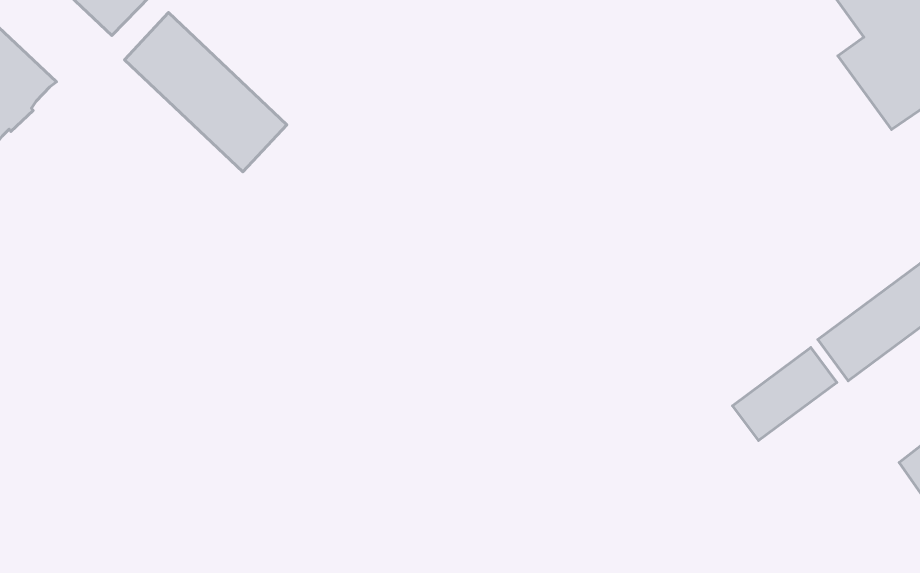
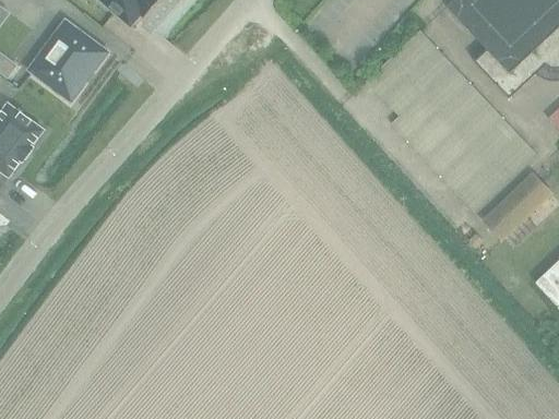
building: [124,13,287,172] -> none
building: [732,348,837,441] -> none

